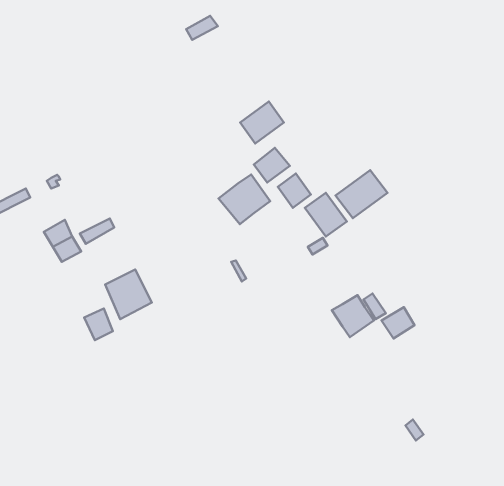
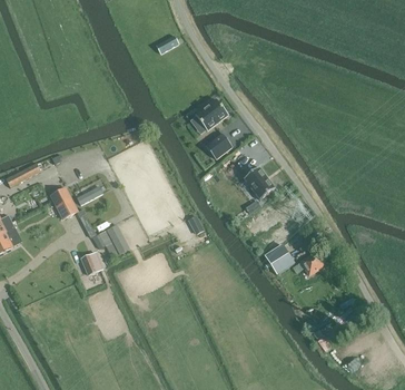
building: [336,170,388,218] -> none
building: [218,174,270,224] -> none

